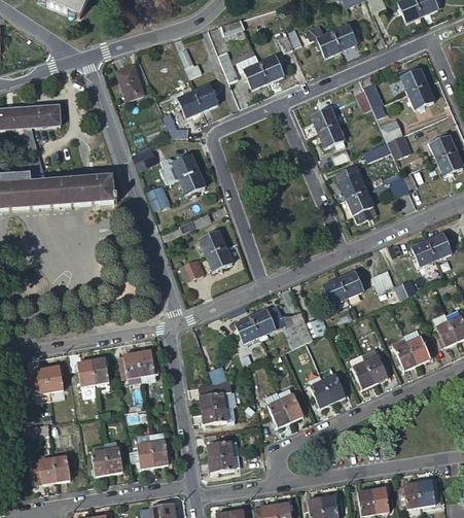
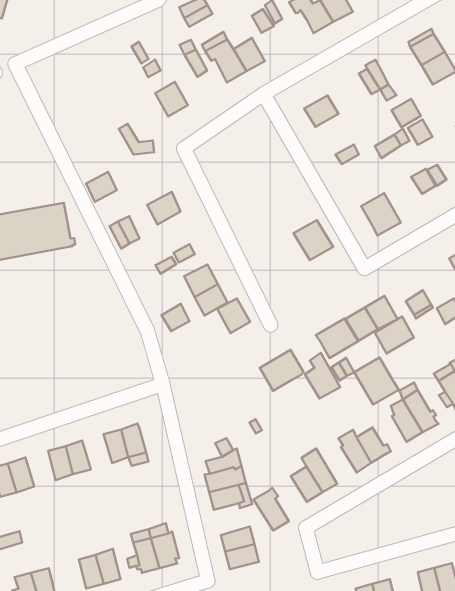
building: [115,64,144,100] -> none
building: [178,84,203,116] -> none
building: [318,123,347,147] -> none
building: [172,153,199,177] -> none
building: [336,167,366,198] -> [294,220,333,260]
building: none -> [316,318,358,358]
building: none -> [375,317,414,354]
building: [236,316,260,343] -> [217,299,250,333]
building: none -> [354,357,399,405]
building: none -> [253,488,289,531]

